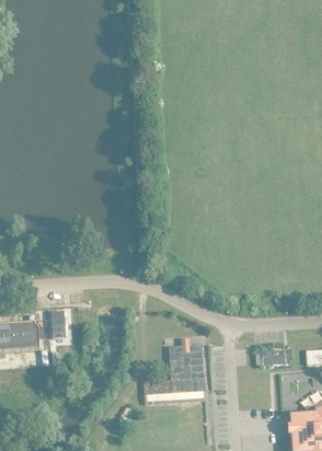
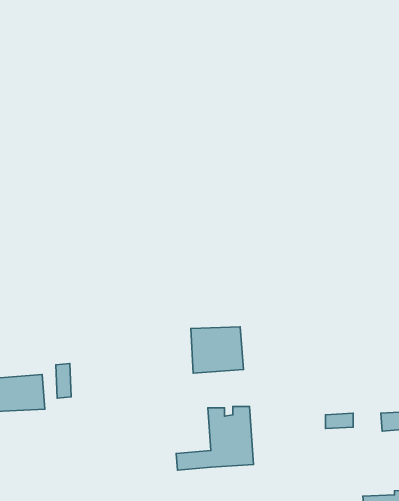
building: none -> [191,327,243,373]

